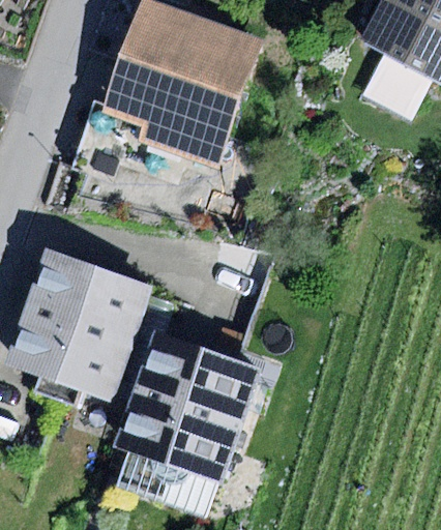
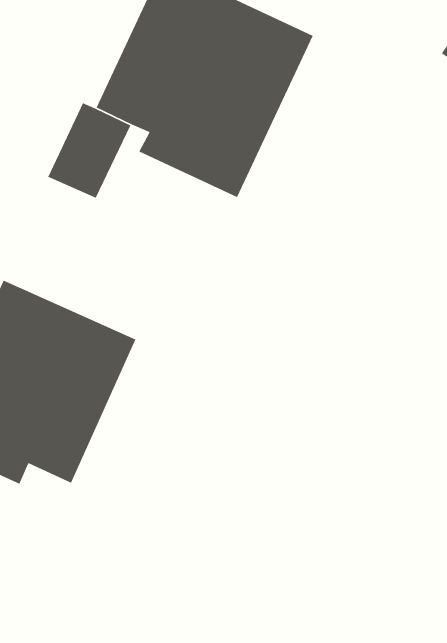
building: [118,334,258,483] -> none

